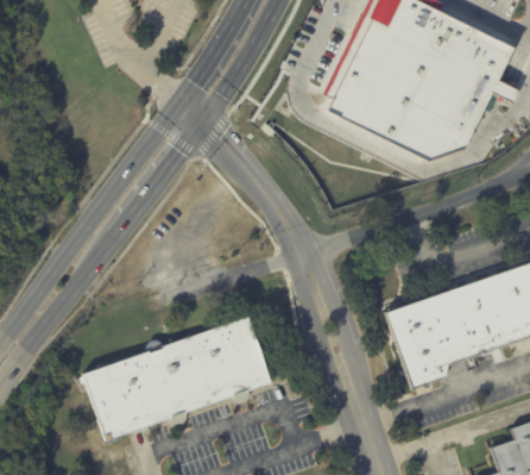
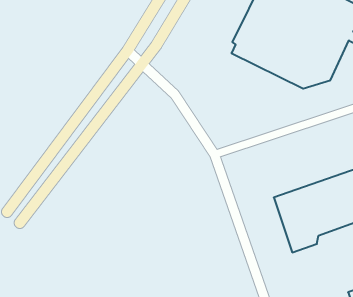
building: [84,315,275,440] -> none

